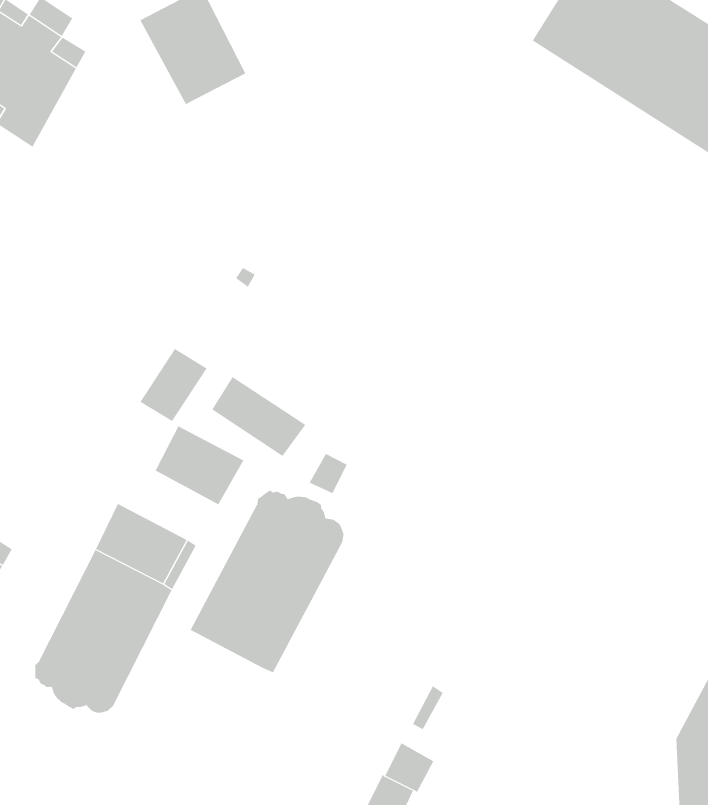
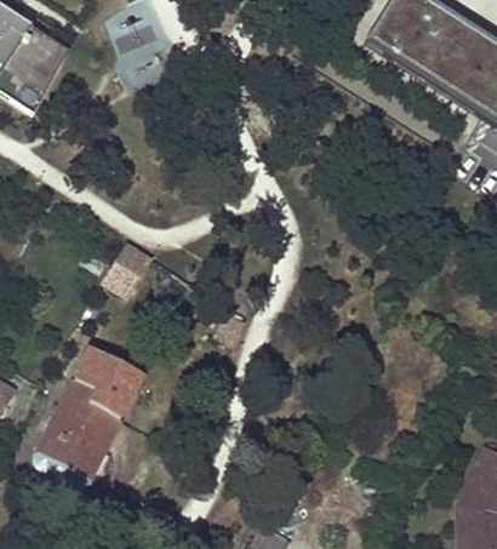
building: [212,376,306,457] -> none
building: [155,425,244,505] -> none
building: [190,490,344,673] -> none

